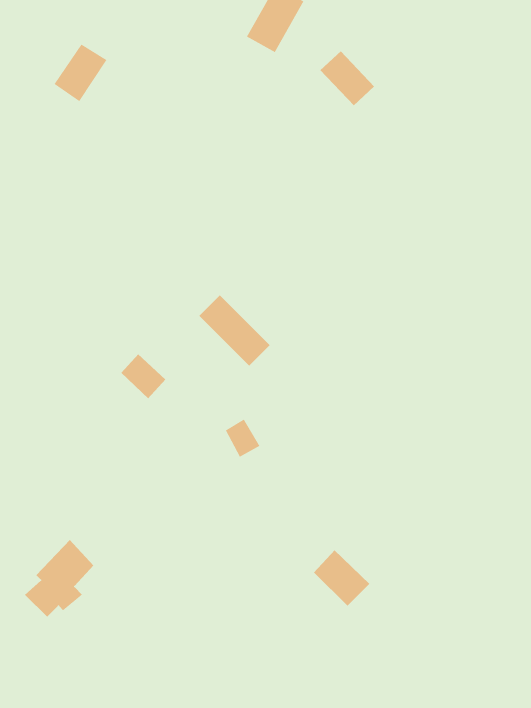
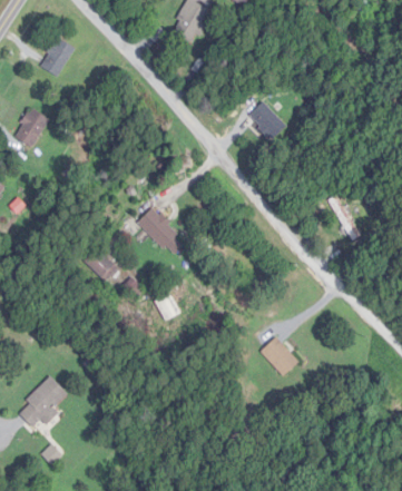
building: [319,51,375,106] -> [248,101,286,139]
building: none -> [10,108,49,156]
building: [313,550,370,607] -> [261,336,300,375]

